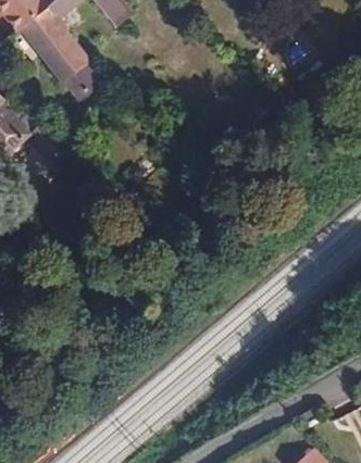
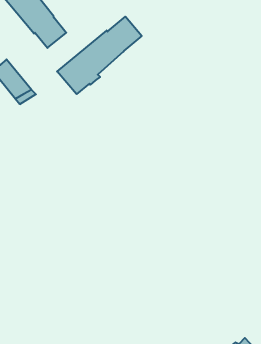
building: none -> [57,17,142,94]

